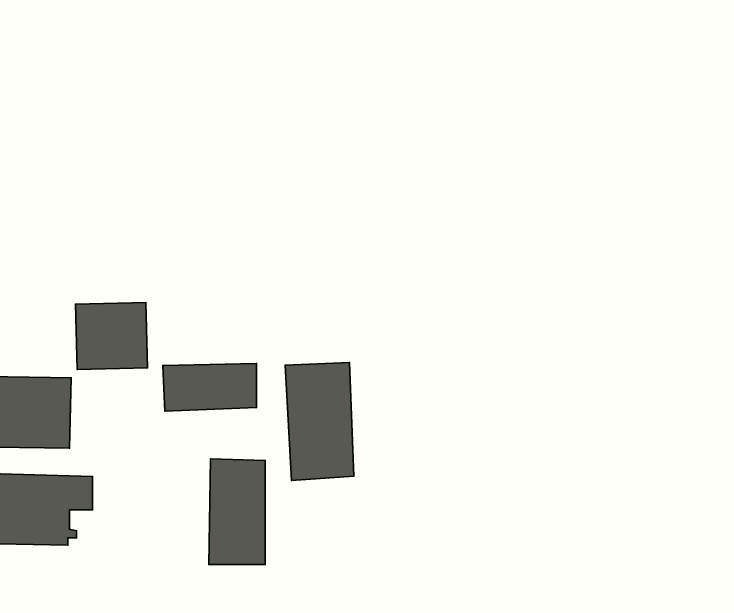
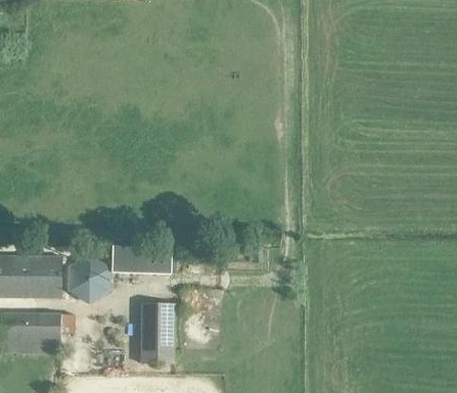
building: [75,303,148,369] -> [68,256,110,295]
building: [285,363,354,480] -> none

